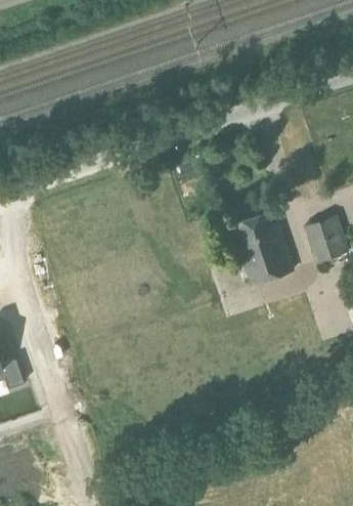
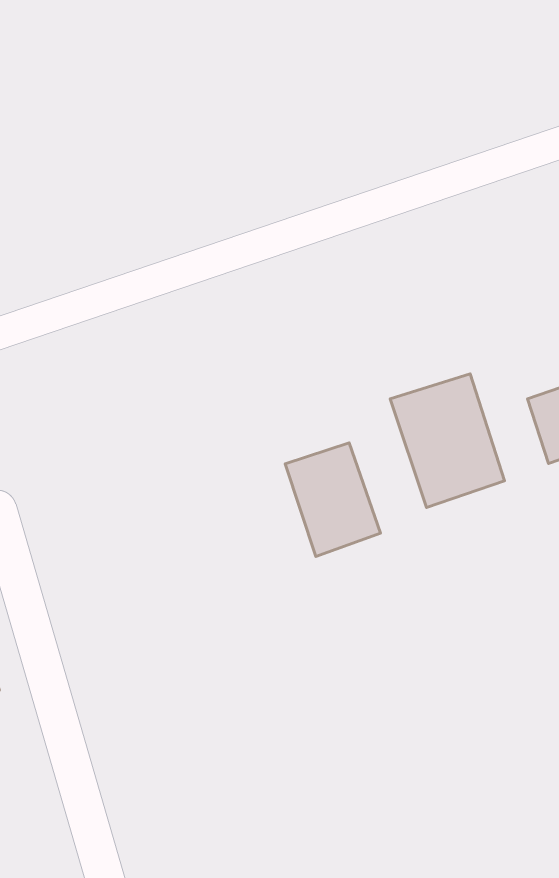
building: none -> [285,443,380,556]

